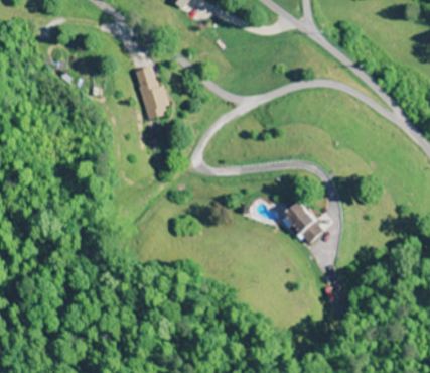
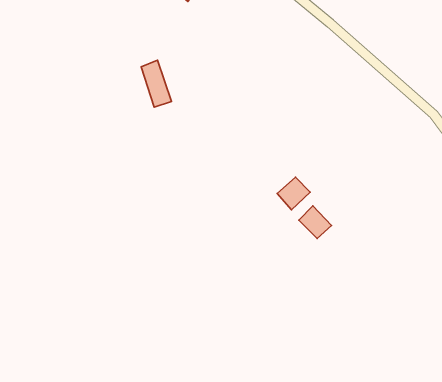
building: none -> [277,177,310,210]

